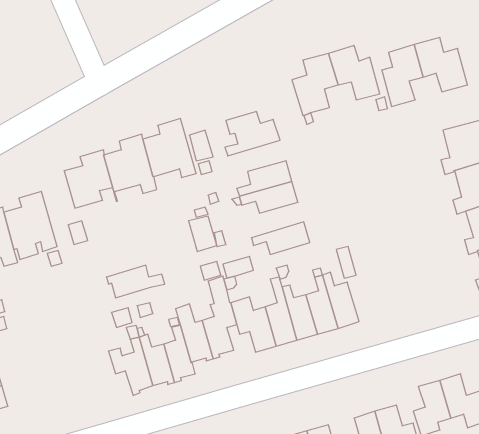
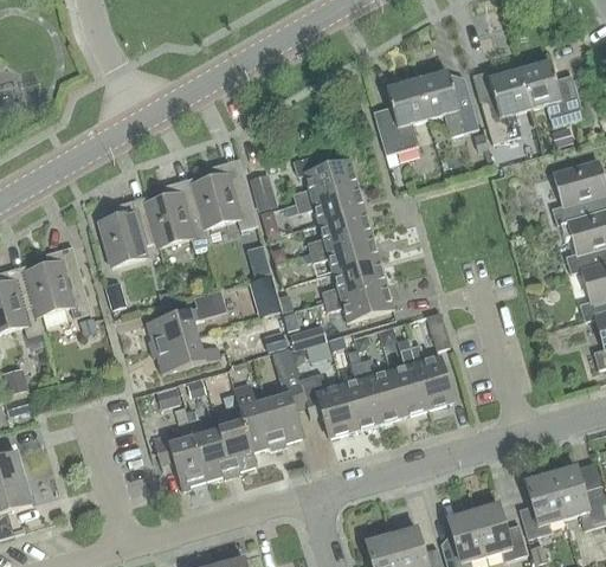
building: none -> [296,183,366,221]
building: none -> [321,258,387,301]
building: none -> [147,301,218,348]

